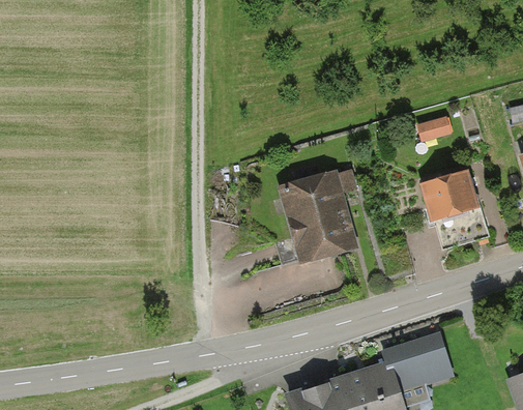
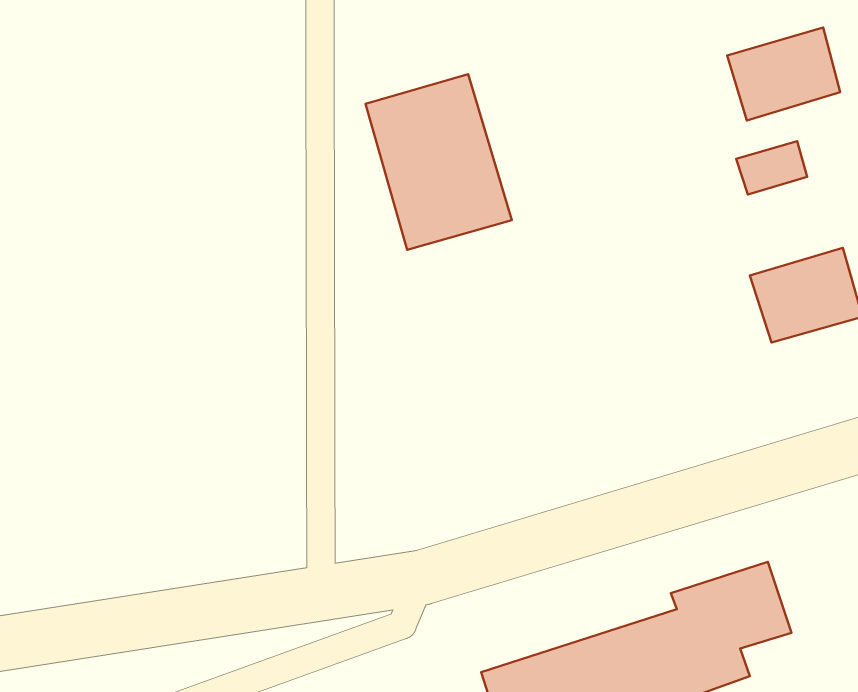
building: none -> [727,28,840,120]
building: [283,172,359,264] -> [366,74,512,250]

